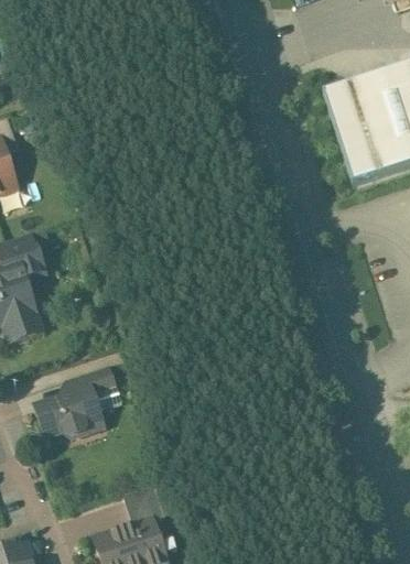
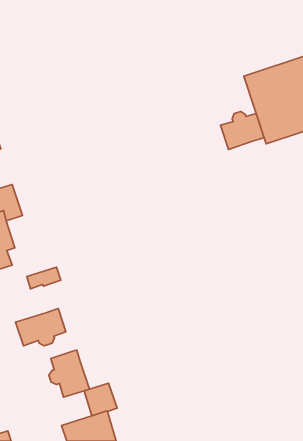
building: none -> [221,112,264,149]
building: [68,370,111,398] -> [27,267,61,289]
building: none -> [49,350,89,397]

